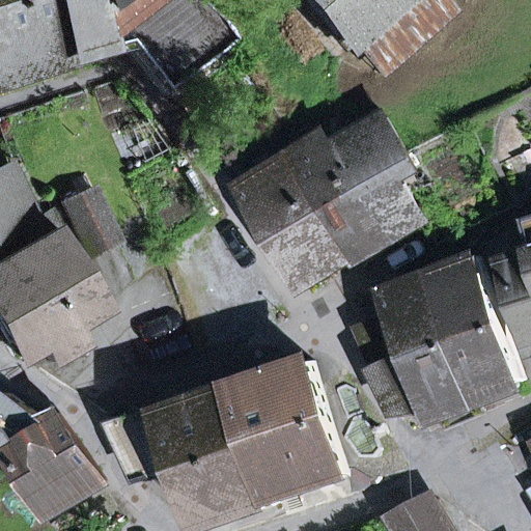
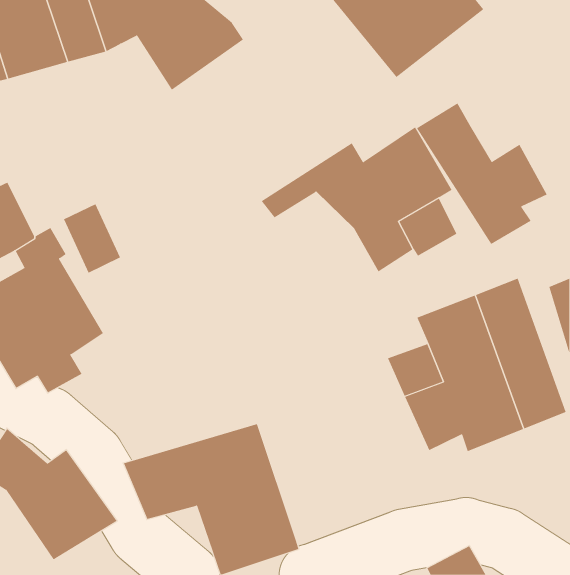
building: none -> [416,103,547,245]
building: [252,176,347,281] -> none
building: [236,362,346,497] -> none

